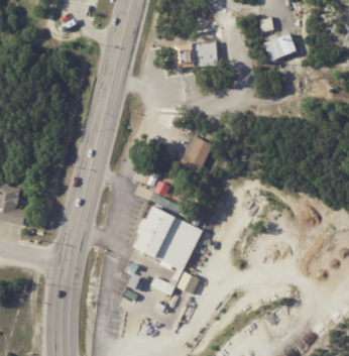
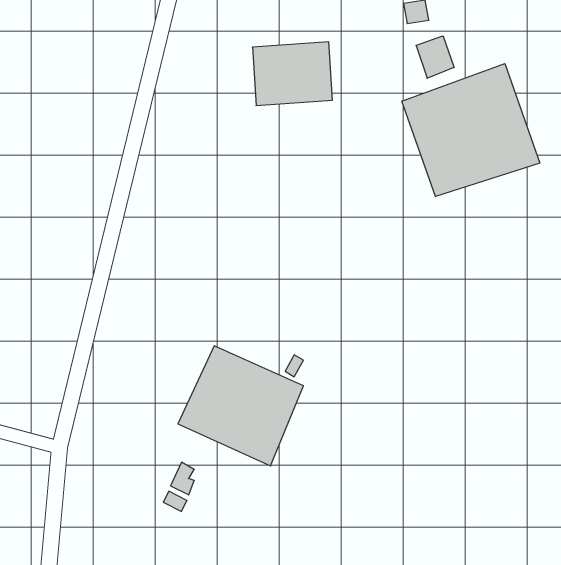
building: none -> [402,64,540,197]
building: [180,134,213,175] -> none

